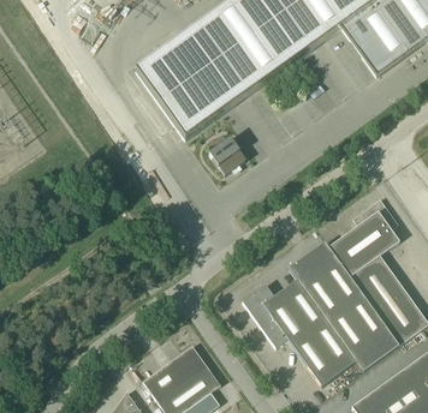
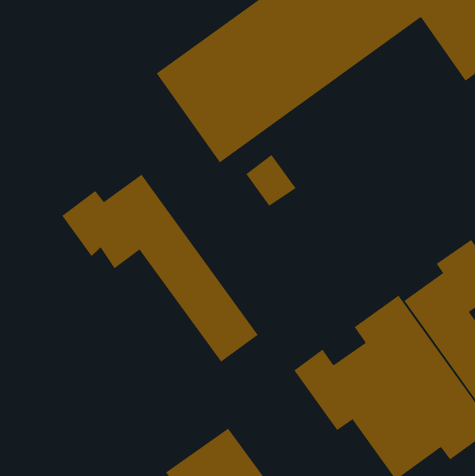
building: none -> [62,174,259,362]

